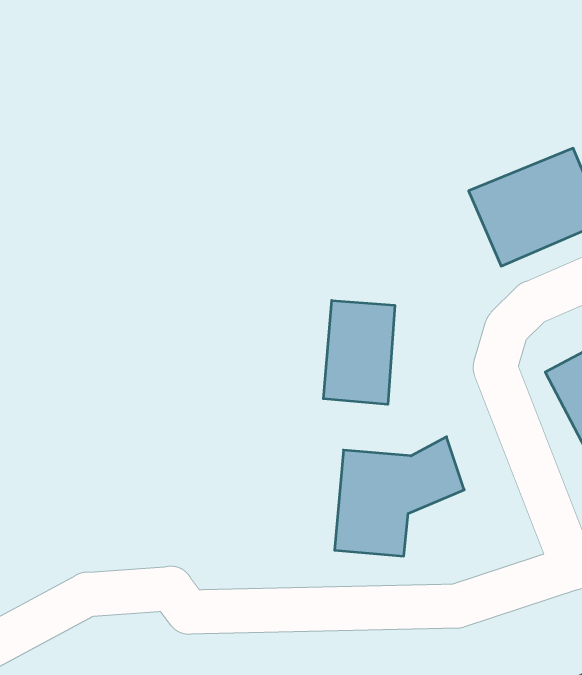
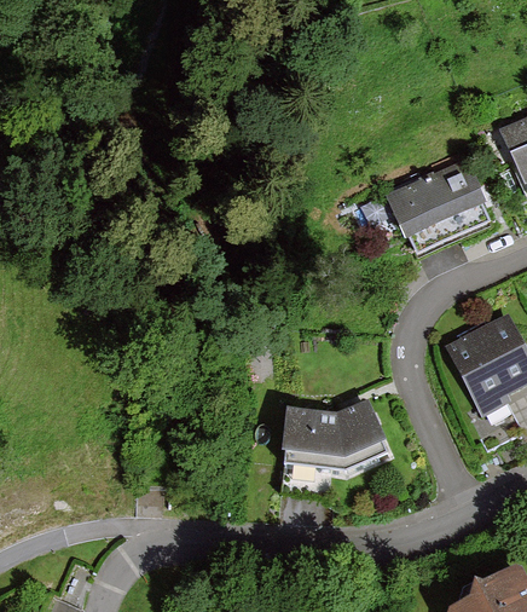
building: [323,300,395,404] -> none

